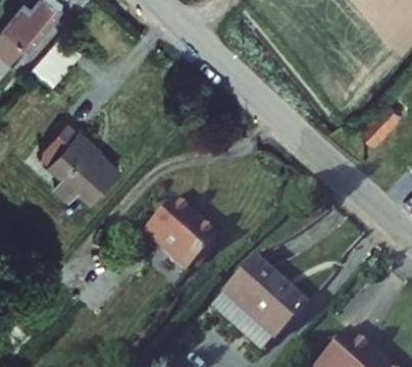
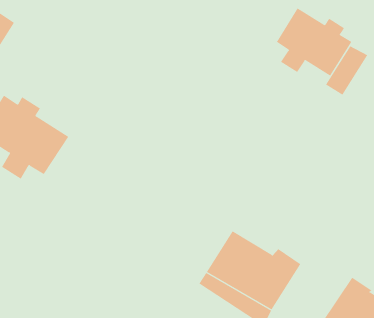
building: none -> [276,7,352,77]
building: [142,199,217,277] -> none

